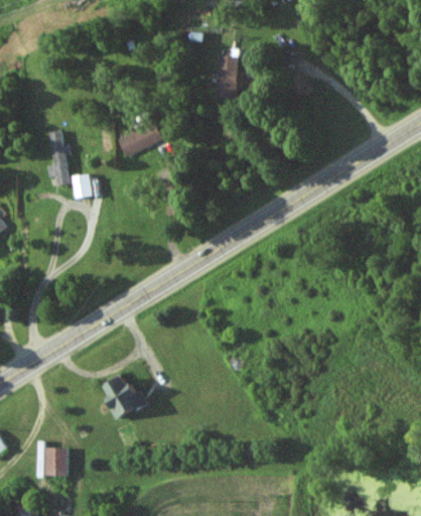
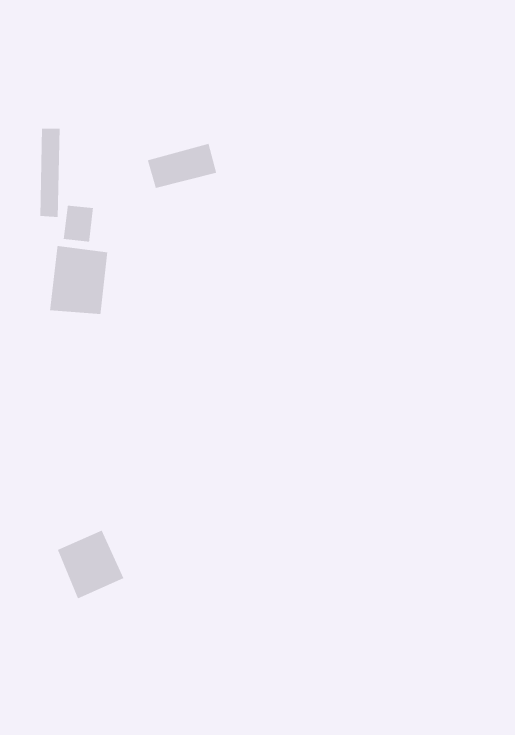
building: [217,54,237,98] -> none
building: none -> [49,245,108,315]

